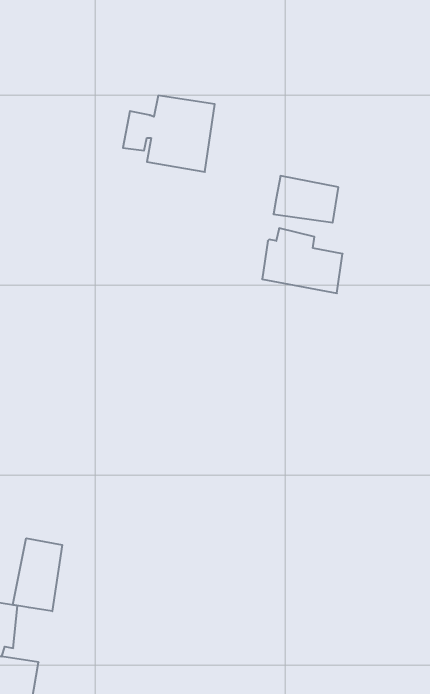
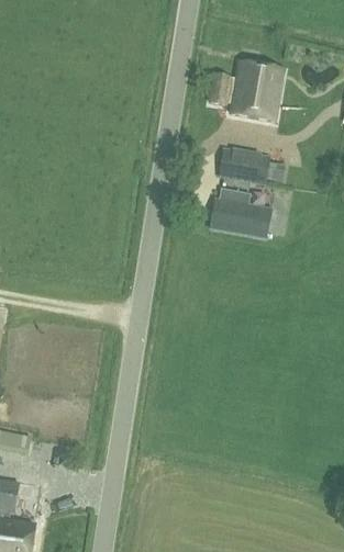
building: [123,96,215,172] -> [212,60,284,120]
building: [13,538,62,611] -> none

